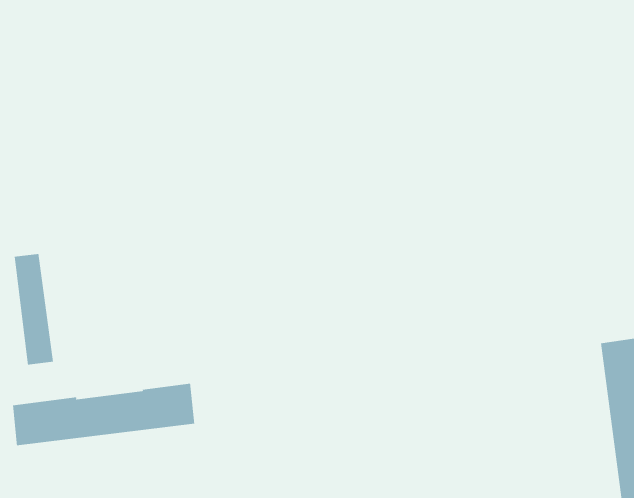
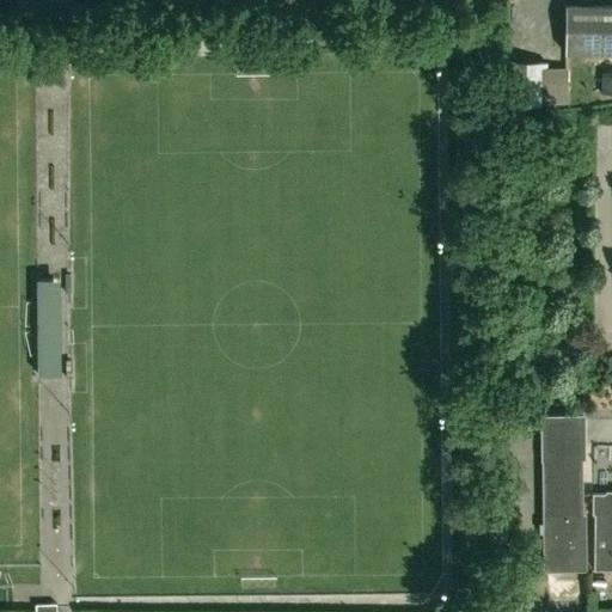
building: [13,383,195,446] -> none

